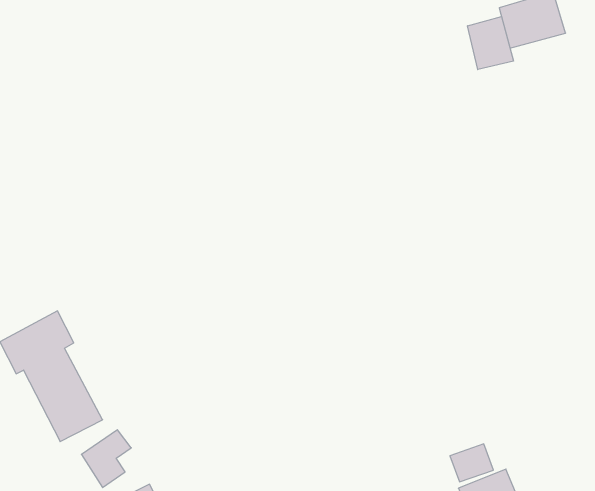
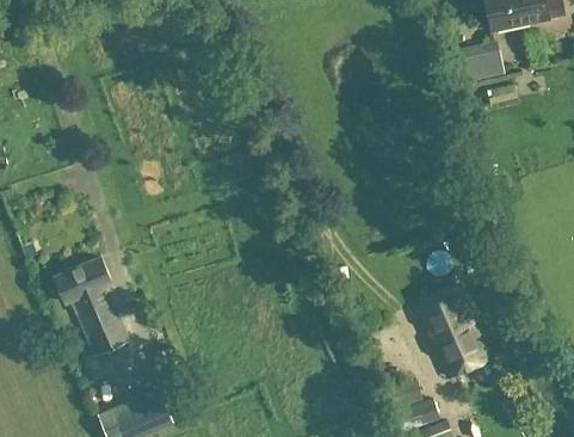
building: [468,17,513,70] -> none
building: none -> [415,287,488,380]

